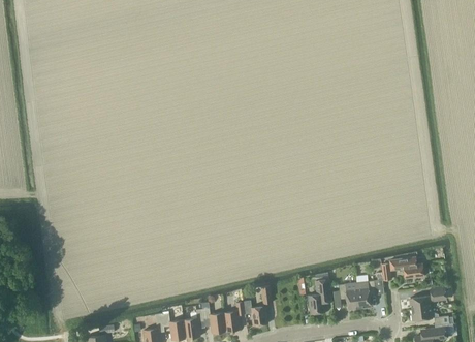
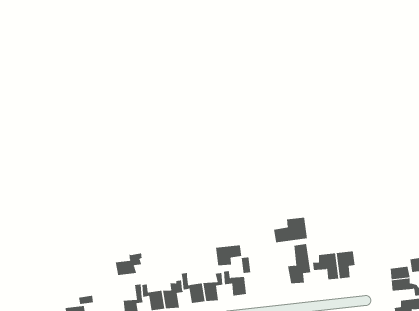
building: none -> [273,217,307,243]
building: [381,257,423,280] -> none
building: none -> [215,244,242,266]
building: none -> [115,253,142,276]

